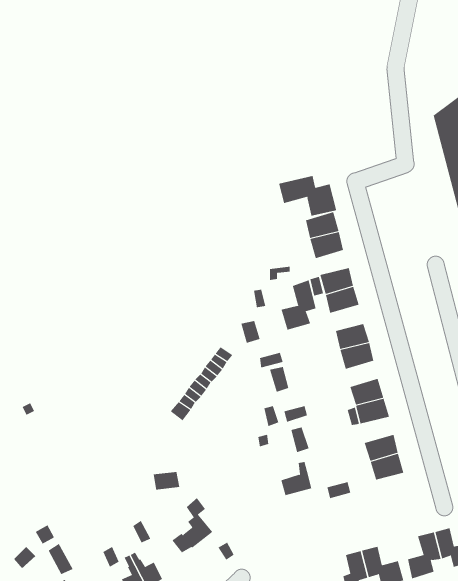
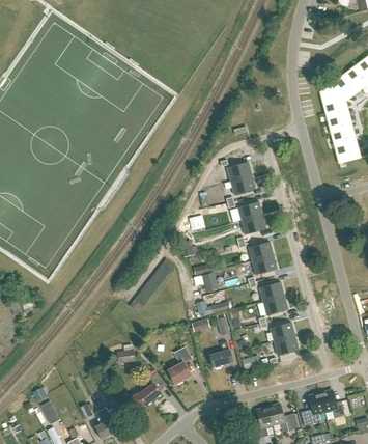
building: [279,175,337,216] -> none
building: [281,279,316,330] -> none
building: none -> [168,346,192,384]

